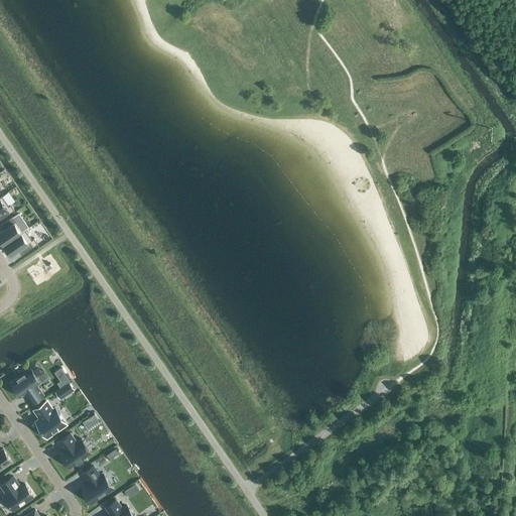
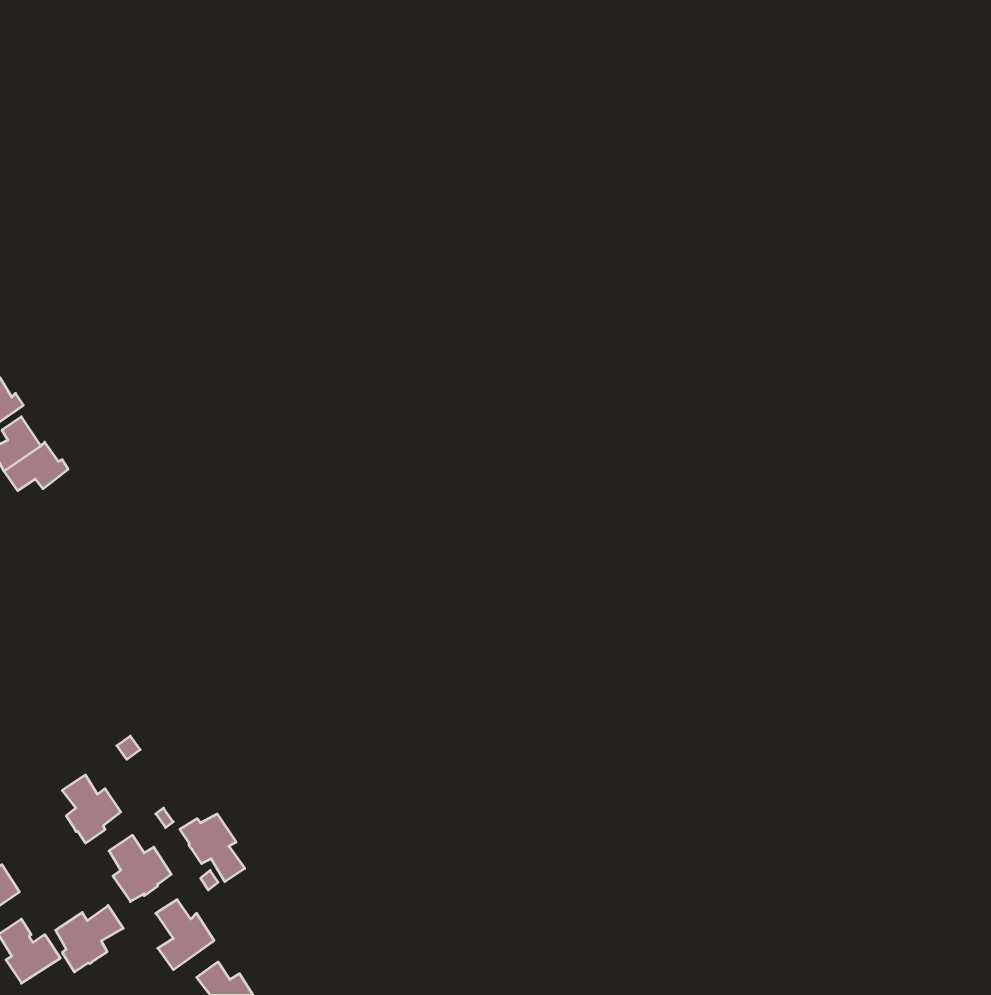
building: [10,369,41,402] -> none
building: none -> [180,814,245,882]
building: none -> [56,905,123,972]

